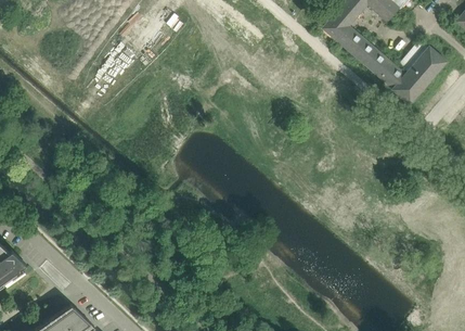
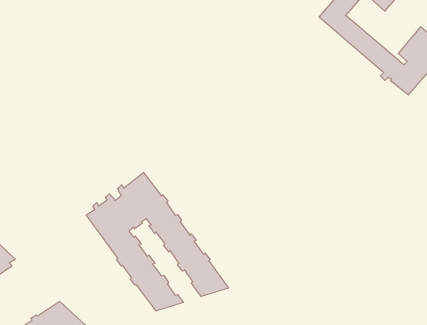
building: none -> [86,172,228,311]

